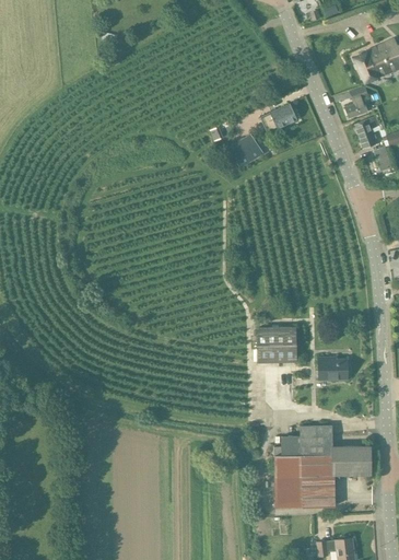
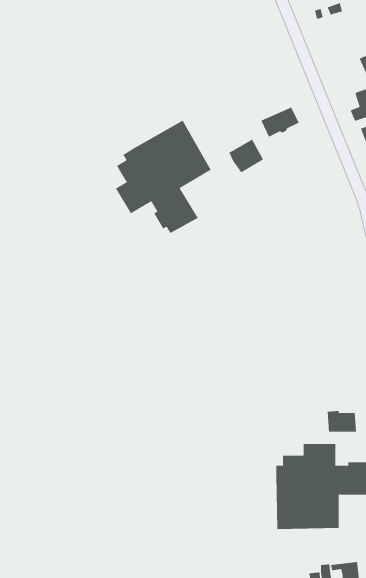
building: none -> [115,120,212,234]
building: [257,326,297,363] -> none
building: [319,358,348,378] -> [327,410,357,432]

